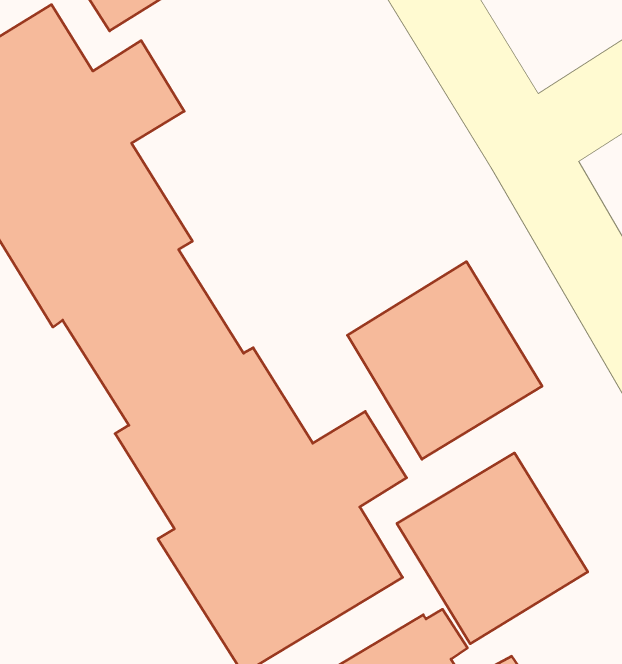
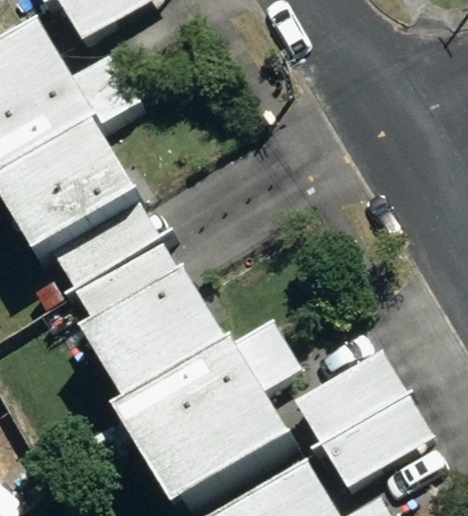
building: [347,262,542,459] -> none

